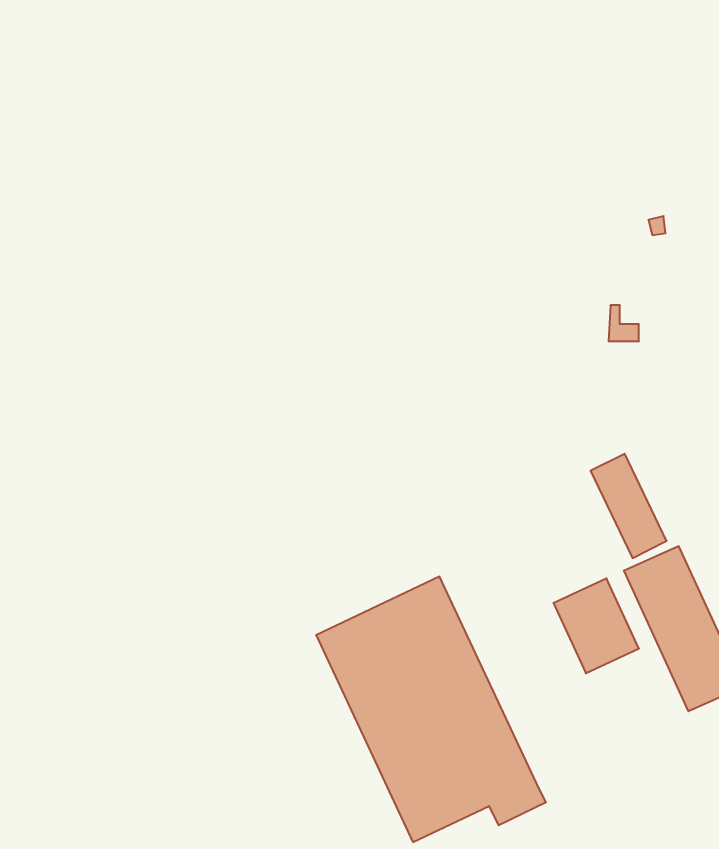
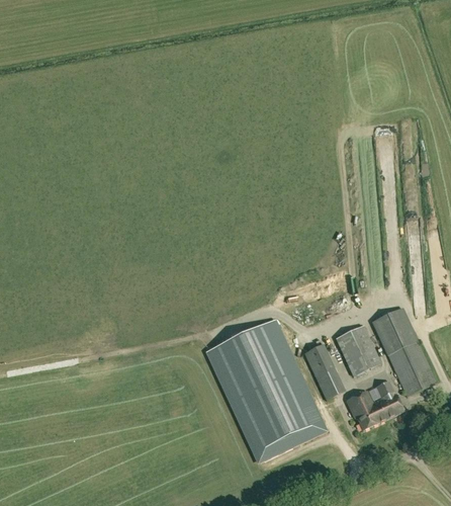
building: [591,454,667,558] -> [303,342,344,398]
building: none -> [346,380,402,427]

